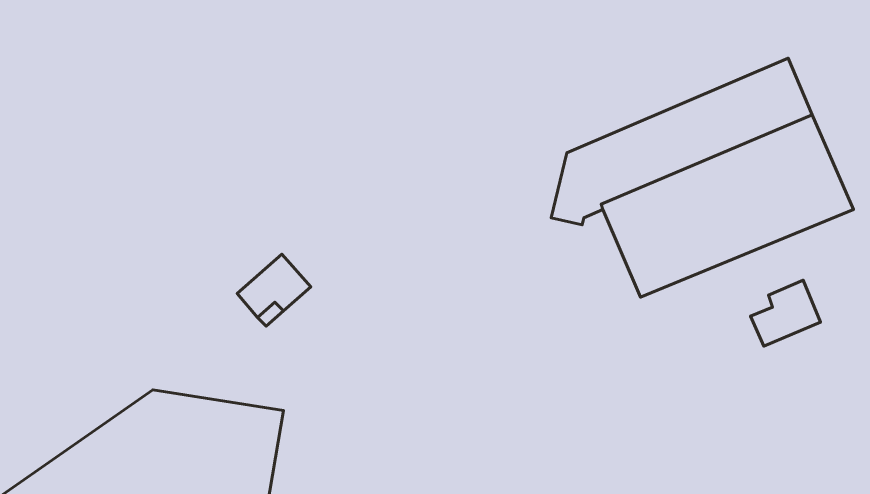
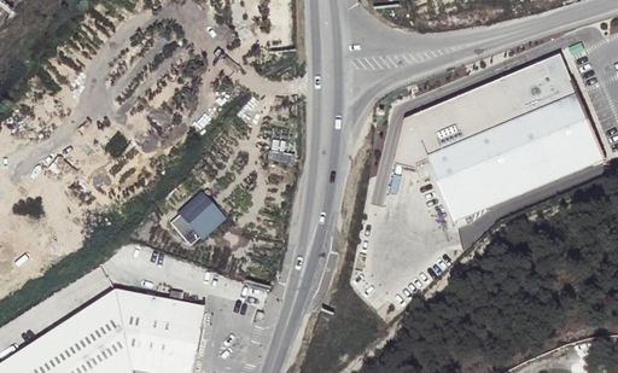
building: [751,280,821,346] -> none

